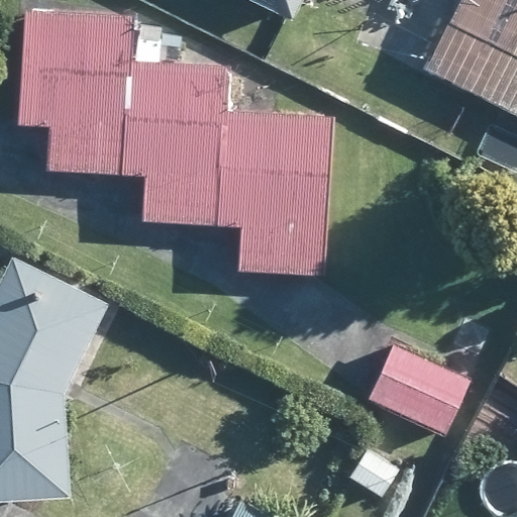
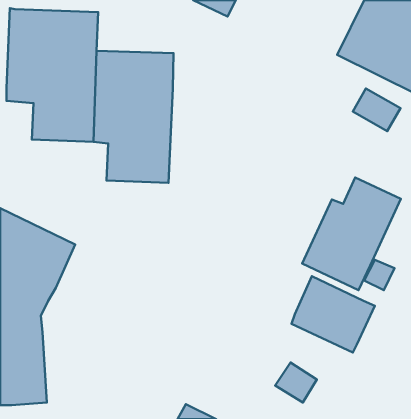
building: [217,109,331,277] -> none
building: none -> [302,178,401,290]

